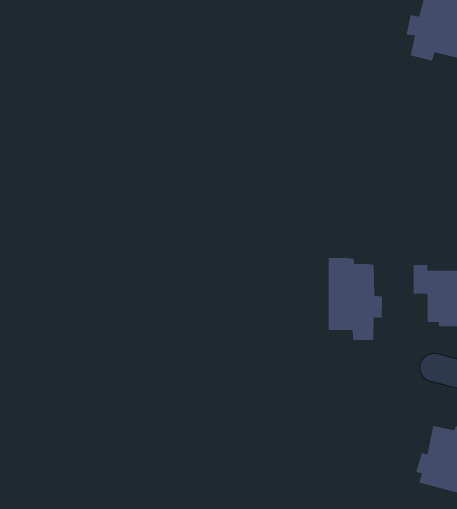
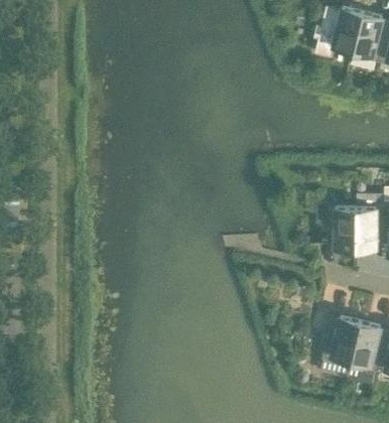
building: [328,257,382,341] -> none

